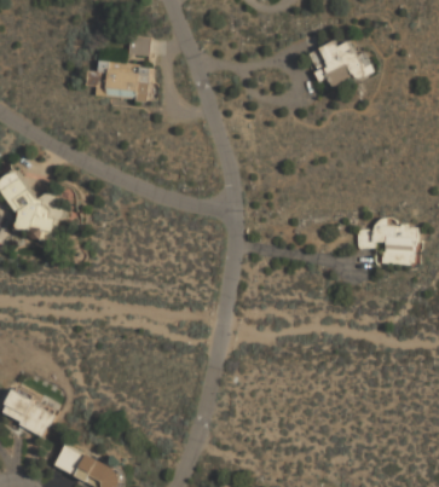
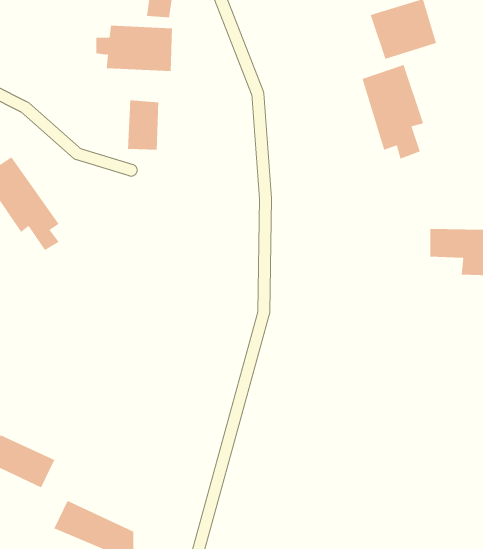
building: none -> [362,64,424,159]
building: none -> [128,100,159,151]

